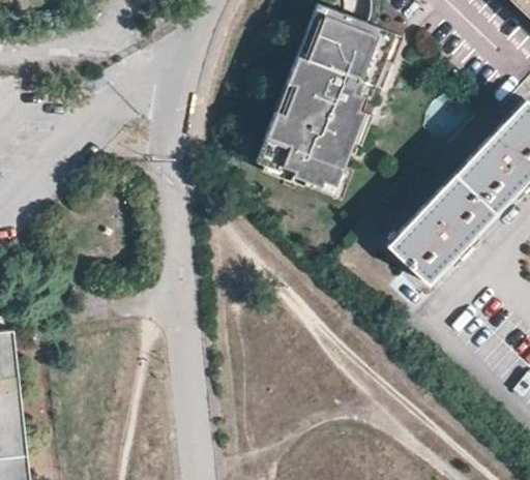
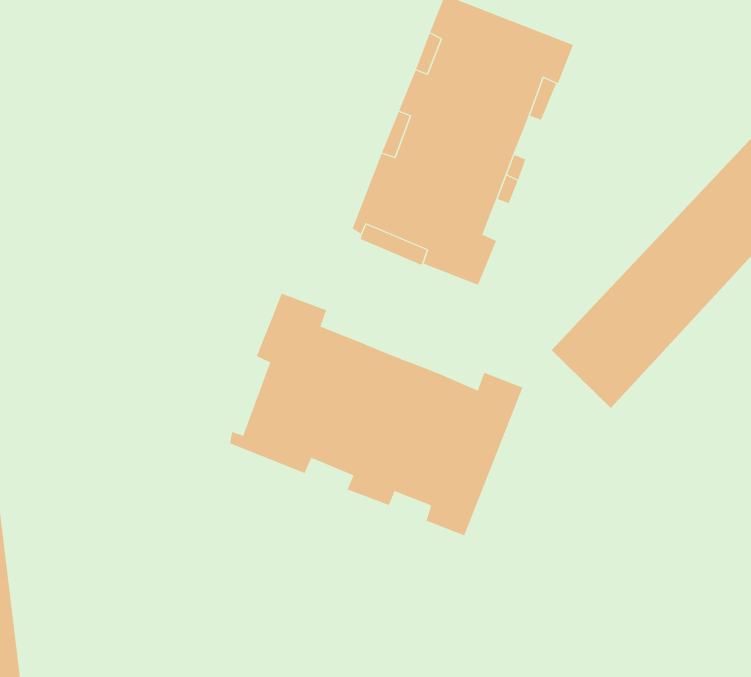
building: none -> [229,293,523,536]

